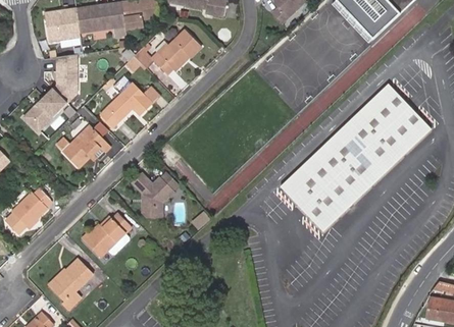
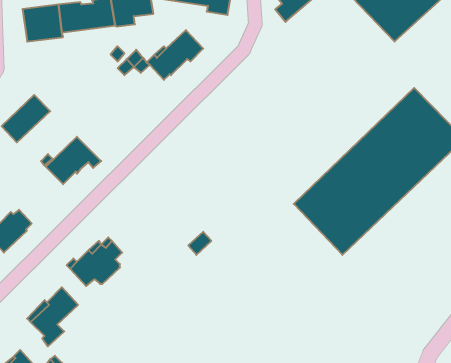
building: [53,54,78,103] -> none
building: [101,76,161,128] -> none
building: [133,172,174,216] -> none

